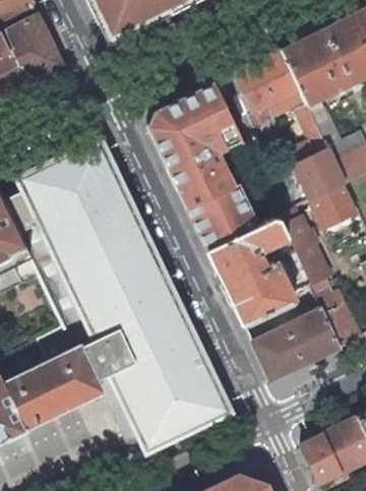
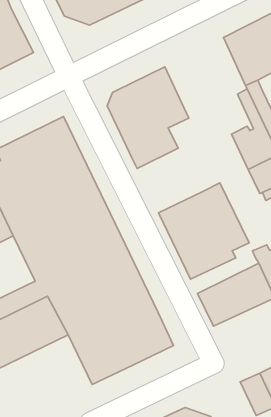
building: [235,49,303,147] -> none
building: [185,176,260,250] -> none
building: [280,207,333,294] -> none

